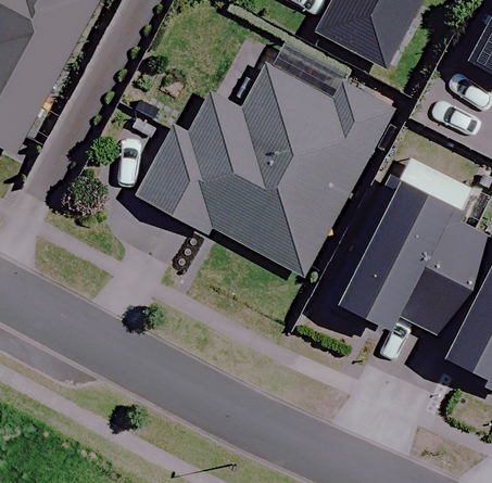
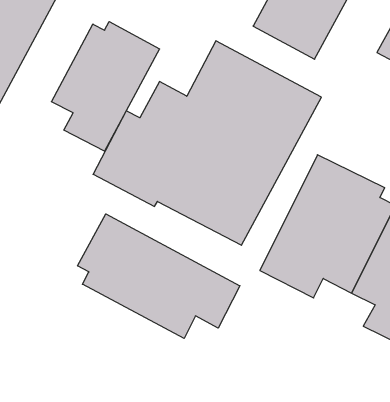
building: none -> [51,22,160,151]
building: none -> [78,214,240,338]

